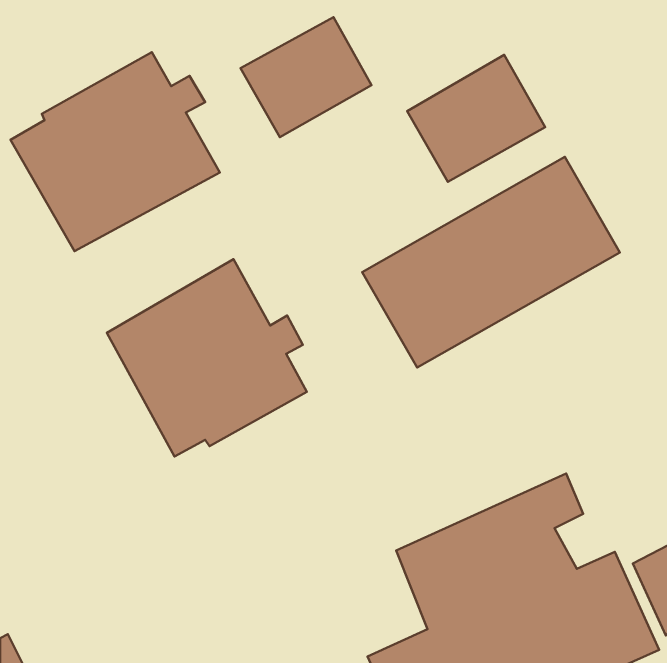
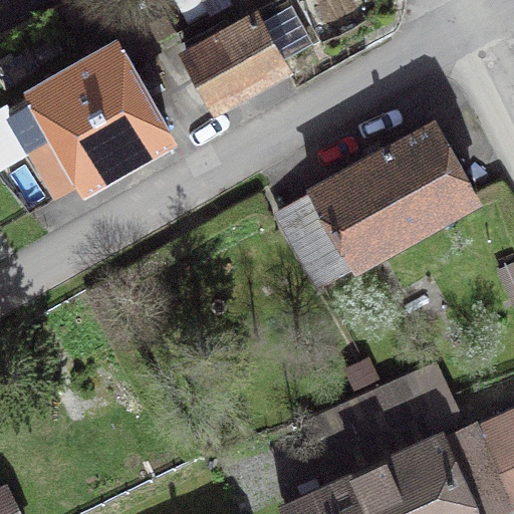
building: [407,55,545,182] -> none
building: [107,259,307,456] -> none

